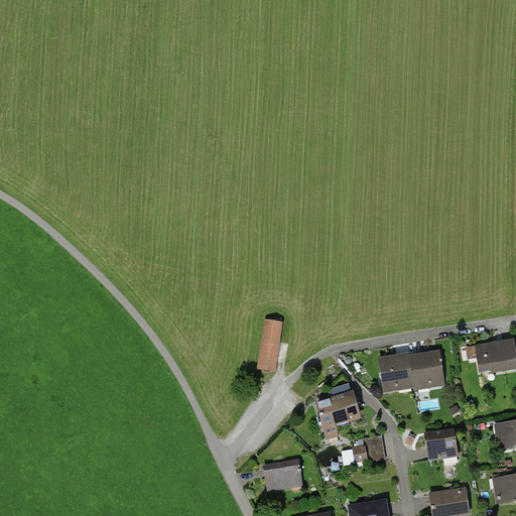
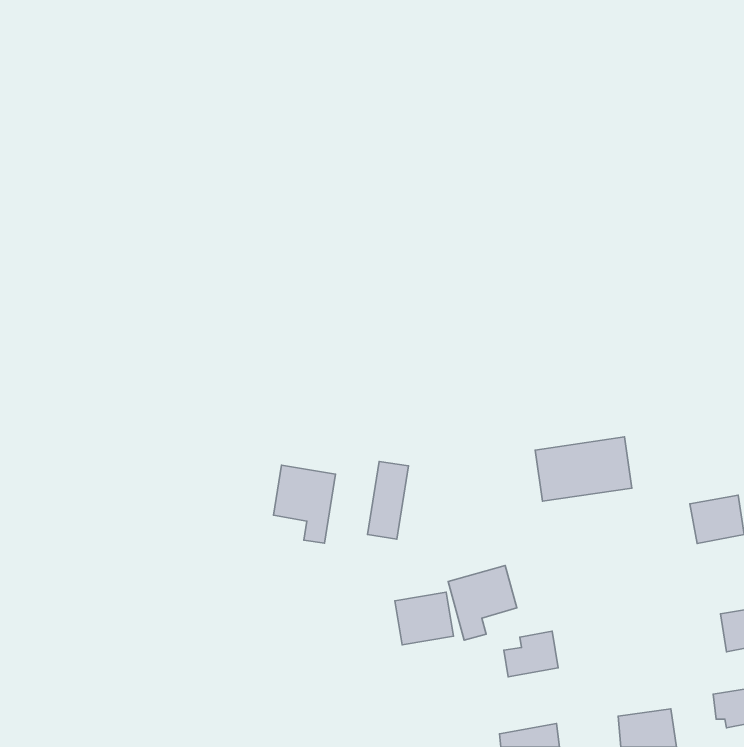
building: none -> [274,465,336,543]
building: [377,349,443,393] -> [535,437,632,501]
building: [423,428,457,461] -> none
building: [264,458,304,494] -> [395,592,454,645]

